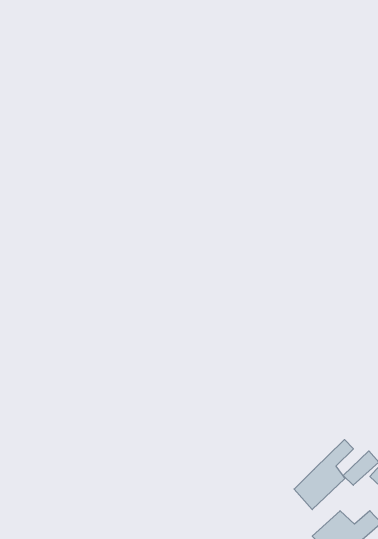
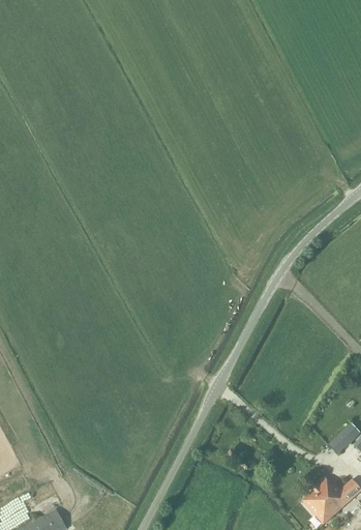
building: [294,440,353,510] -> none

